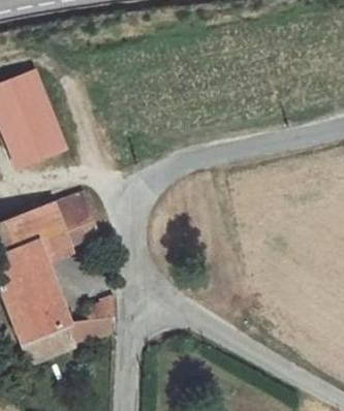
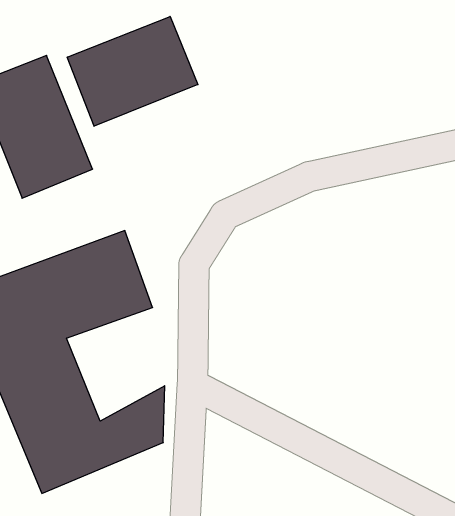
building: none -> [67,16,198,126]

